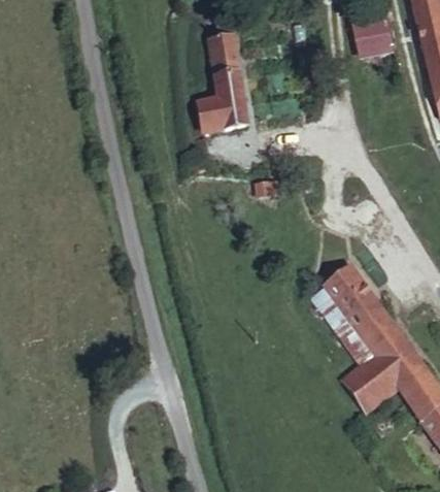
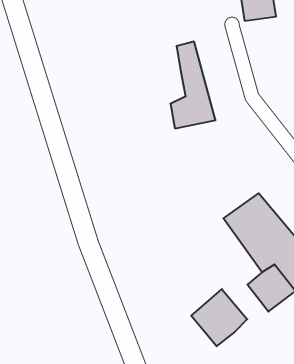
building: [197,32,249,134] -> [170,42,216,128]
building: none -> [191,289,247,346]

